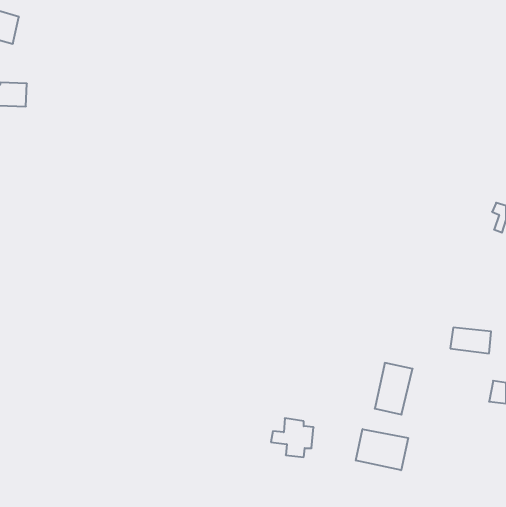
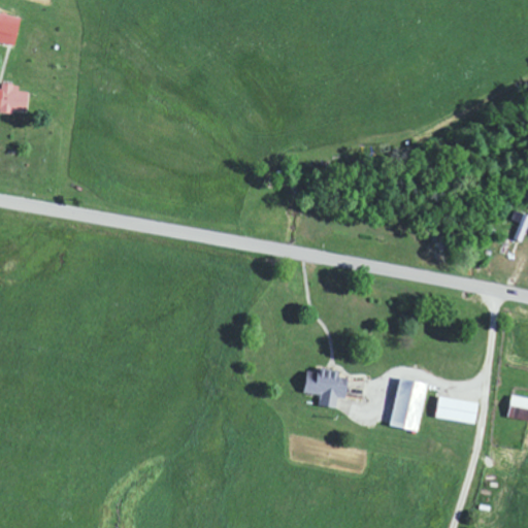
building: [450,328,491,353] -> [435,397,477,424]
building: [271,418,314,457] -> [302,368,346,408]
building: [356,429,408,470] -> none

